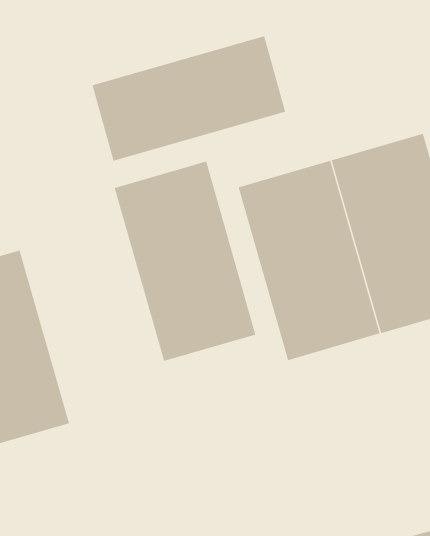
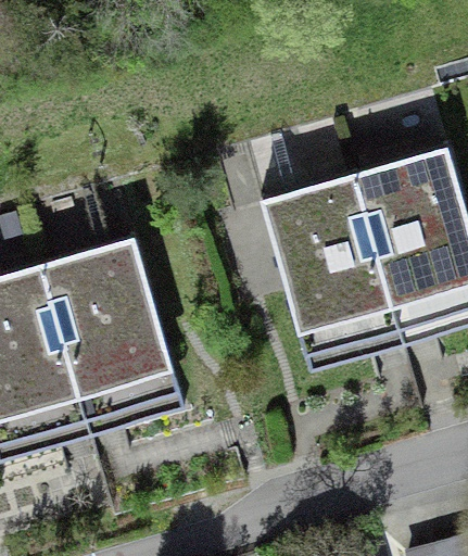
building: [92,36,286,162] -> none
building: [114,161,256,362] -> [40,233,184,435]

